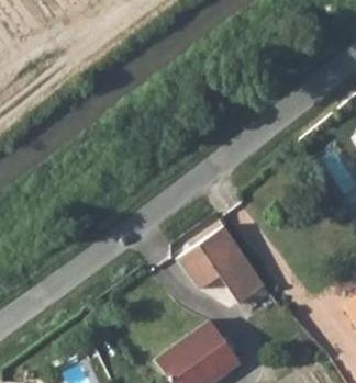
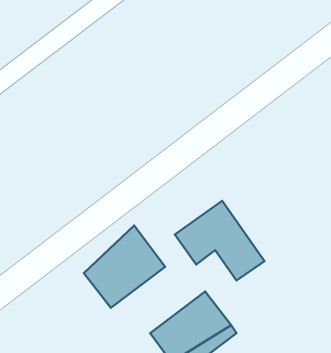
building: none -> [84,225,165,308]

